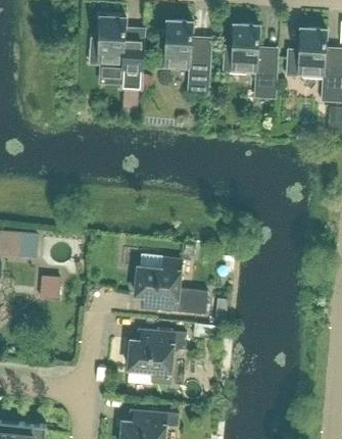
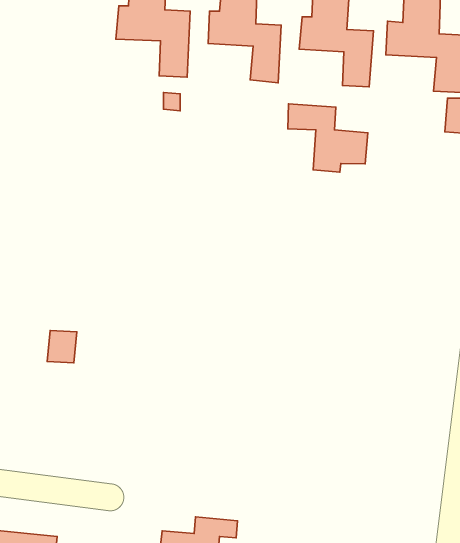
building: none -> [288,104,368,172]
building: [136,258,208,313] -> none
building: [129,330,187,382] -> none

